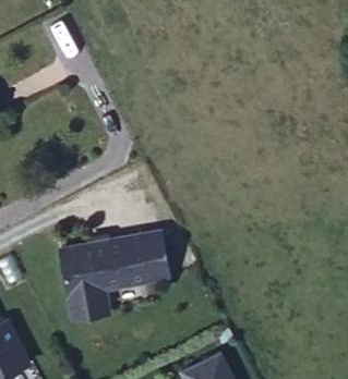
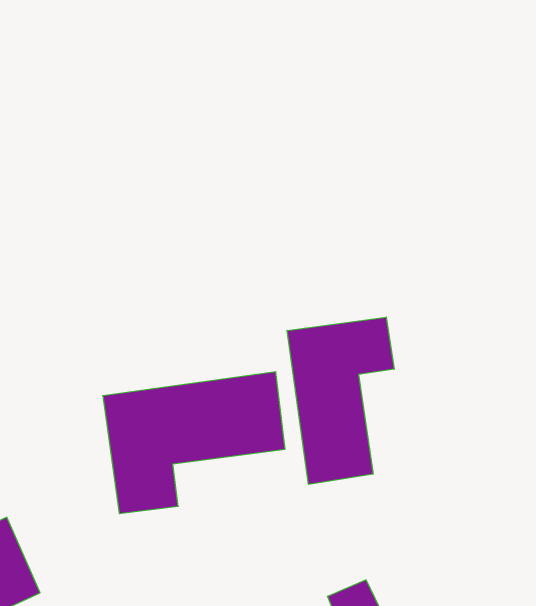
building: none -> [287,317,394,484]

